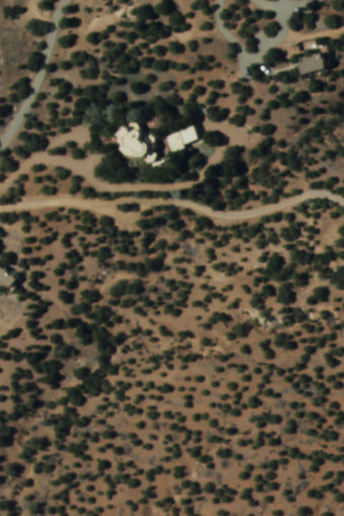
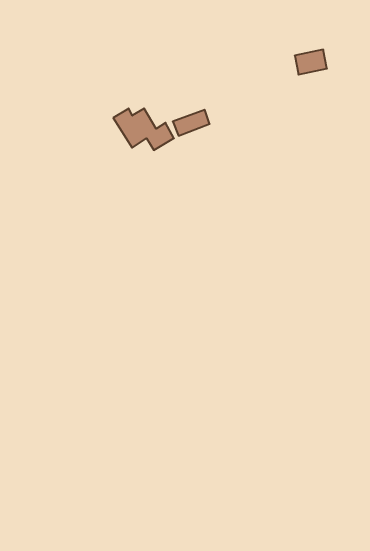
building: [295,53,323,74] -> [295,50,327,75]

